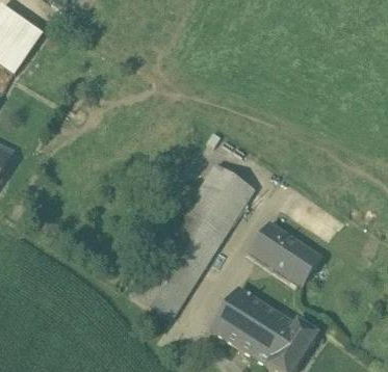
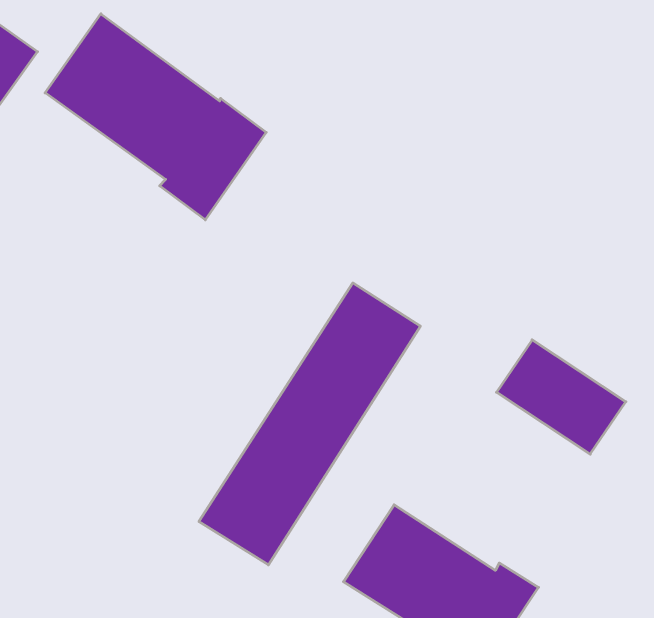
building: none -> [45,14,266,220]
building: [250,221,321,285] -> [496,340,626,454]

